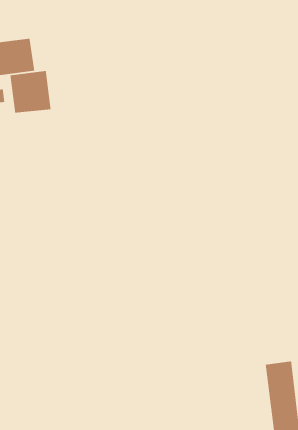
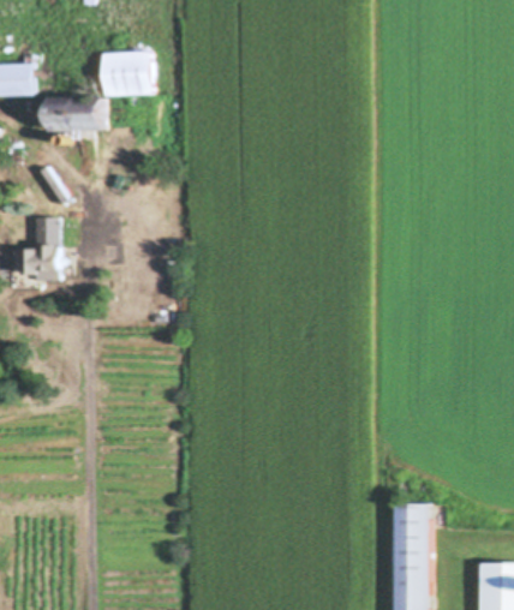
building: [10,70,52,114] -> none

